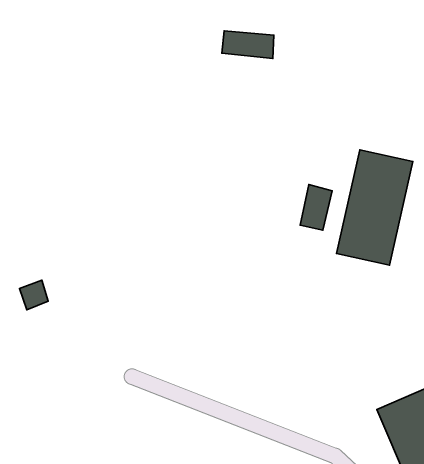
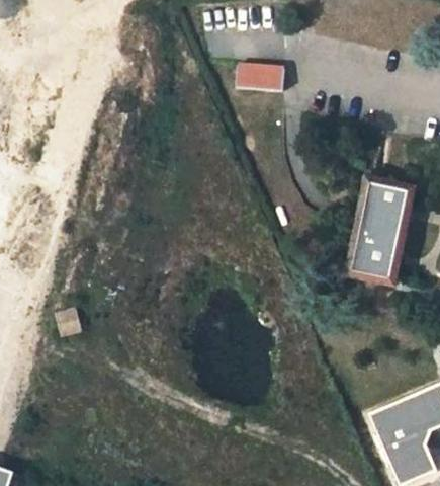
building: [300,185,332,230] -> none

